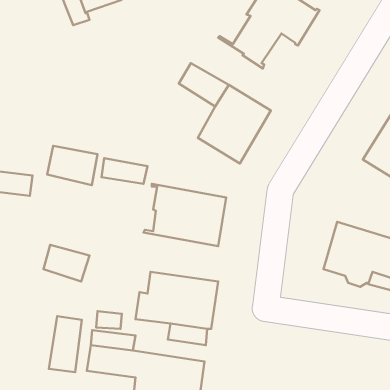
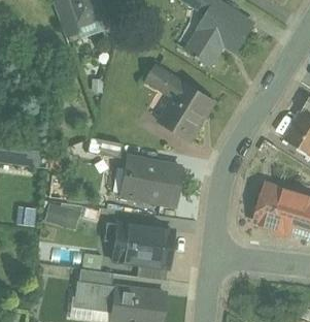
building: [47,146,98,185] -> none
building: [49,316,82,372] -> none

